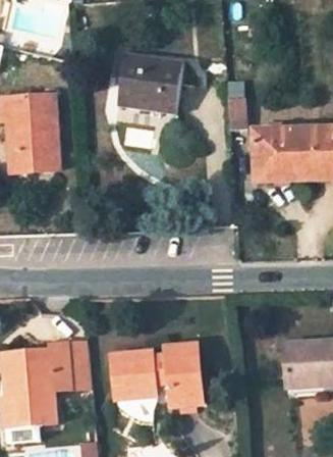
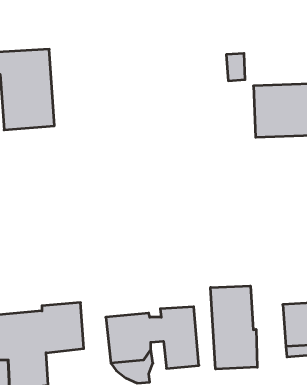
building: [118,53,184,111] -> none
building: none -> [211,286,257,369]

